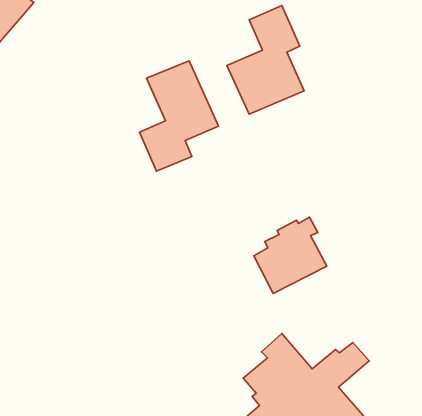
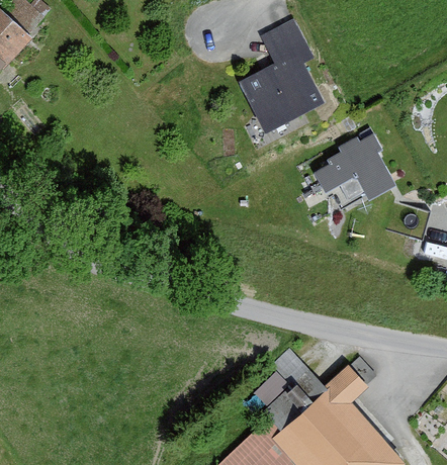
building: [140,61,218,171] -> none
building: [254,217,327,293] -> [317,135,389,211]

